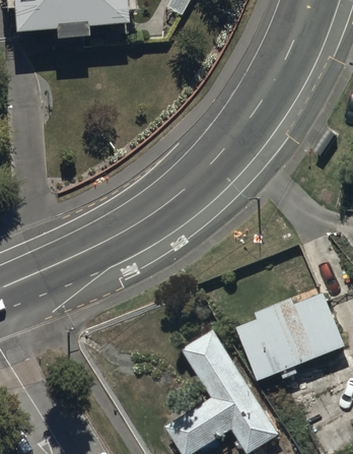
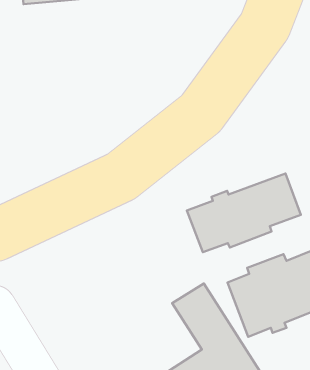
building: none -> [187,174,301,252]

